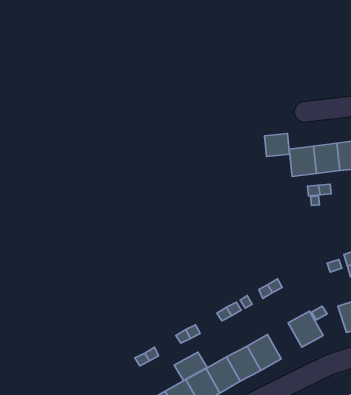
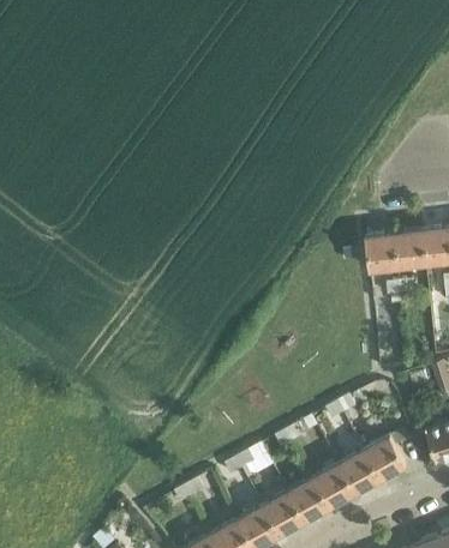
building: [265,133,290,157] -> none
building: none -> [337,450,379,494]
building: [174,352,207,381] -> none

